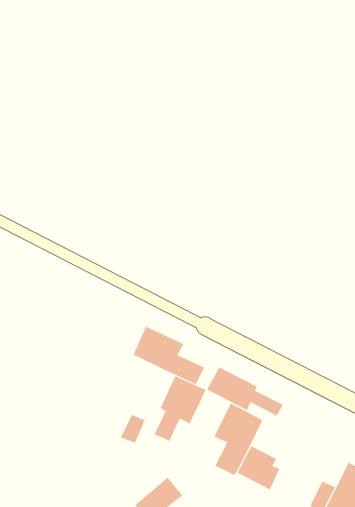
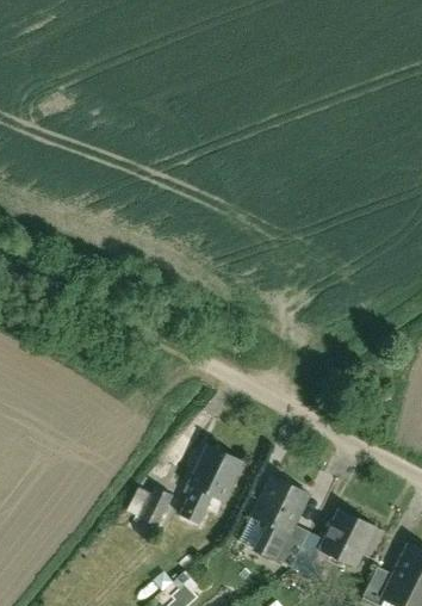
building: [133,326,205,385] -> none
building: [206,366,284,416] -> none
building: none -> [322,512,380,567]

